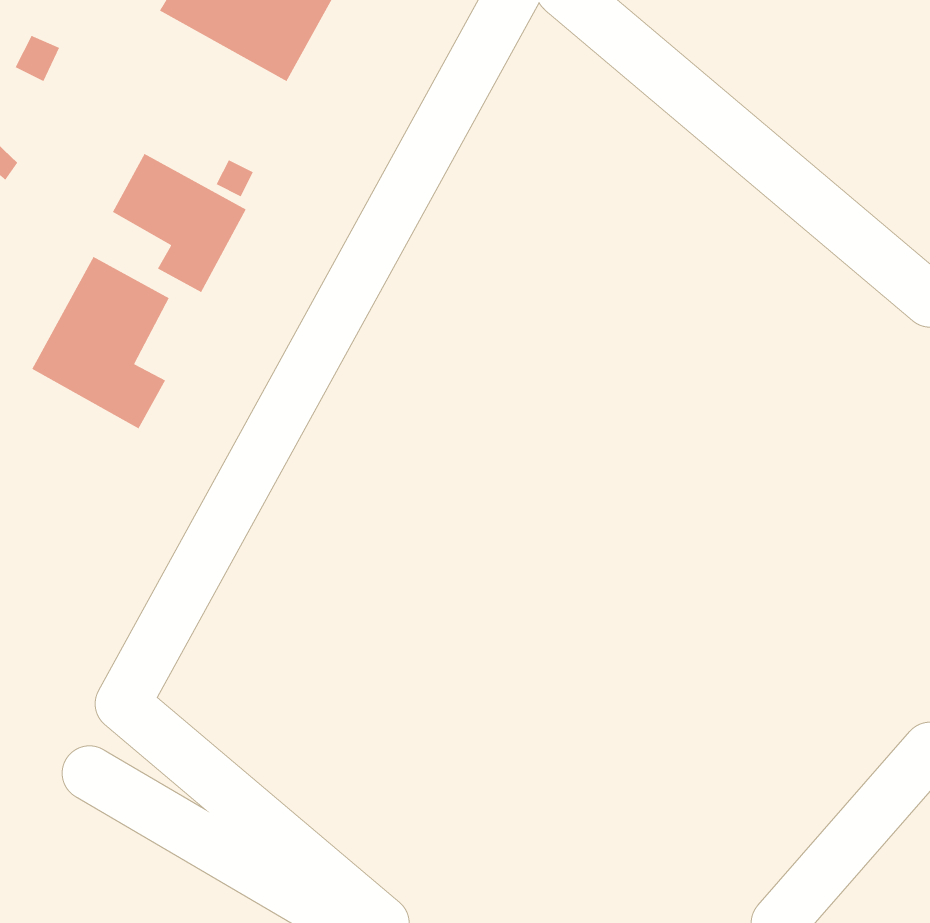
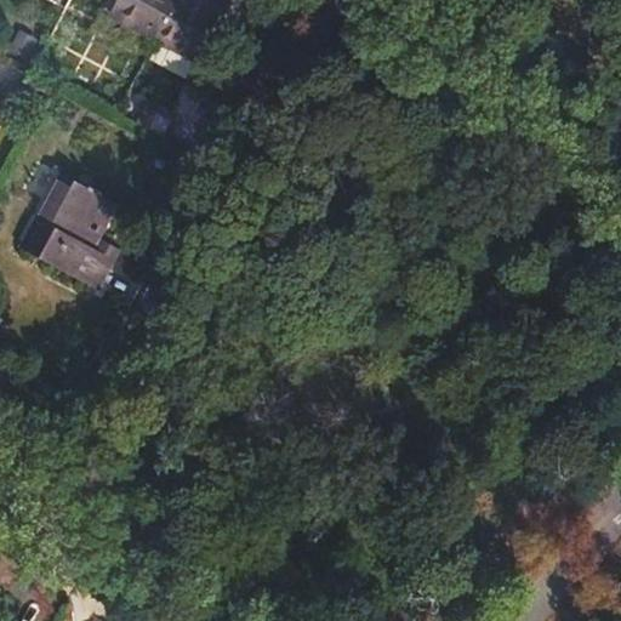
building: [112,153,247,293] -> none

